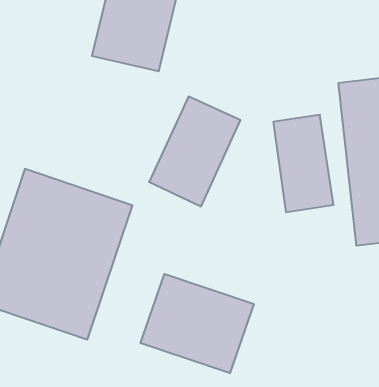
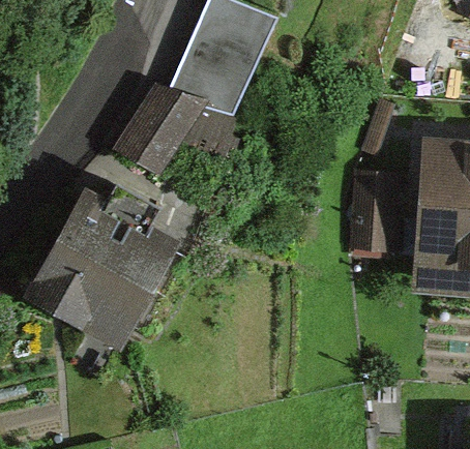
building: [149,97,240,206] -> [111,72,208,179]
building: [141,274,254,373] -> none

